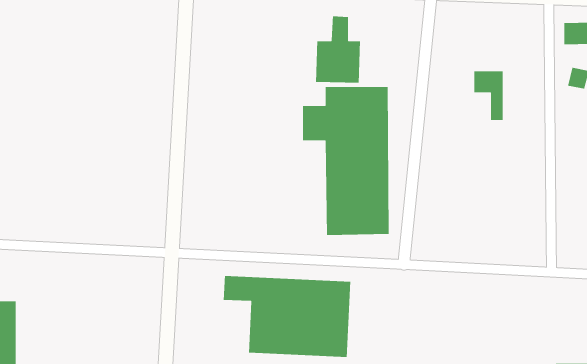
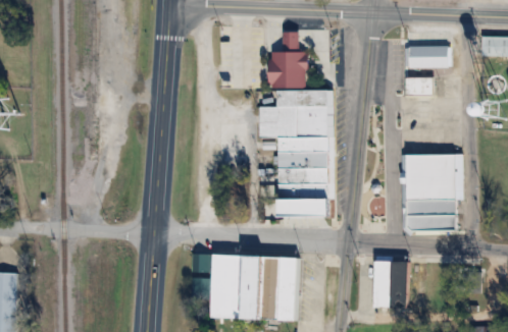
building: none -> [410,46,448,67]
building: none -> [409,155,458,231]
building: none -> [373,257,410,308]

